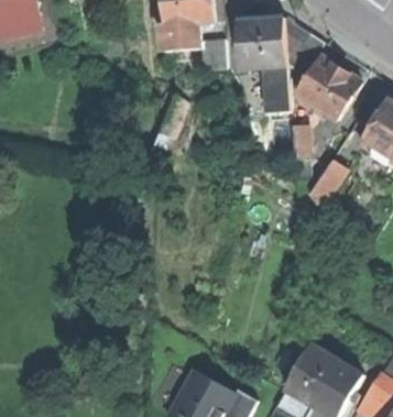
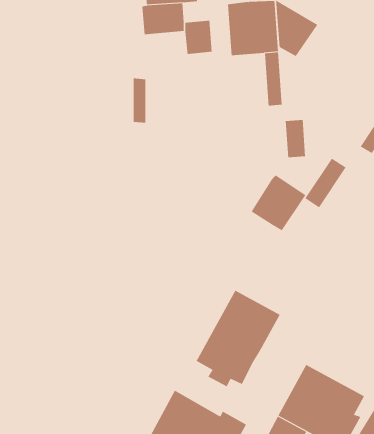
building: [296,56,360,118] -> none
building: none -> [251,175,306,231]
building: none -> [196,290,280,387]

